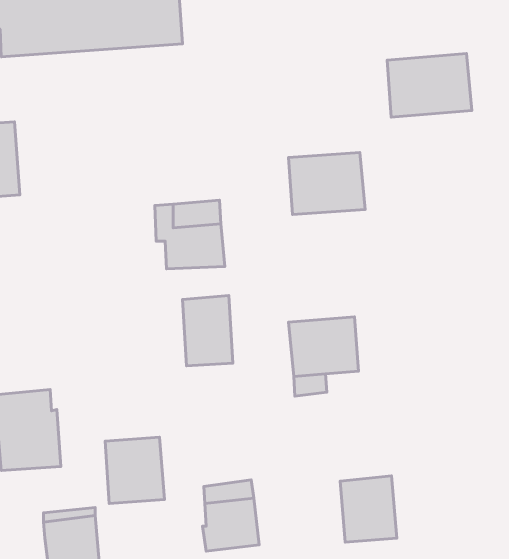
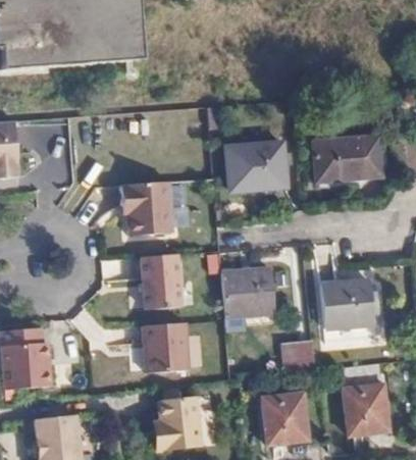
building: [387,54,472,117] -> [313,135,378,184]
building: none -> [323,280,383,343]
building: none -> [282,340,318,373]
building: [105,437,165,504] -> [145,320,191,371]
building: none -> [340,363,388,436]

